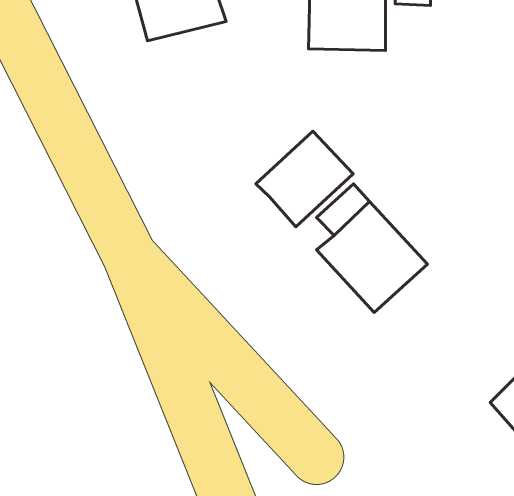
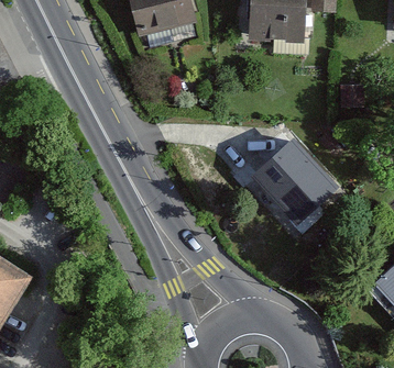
building: [256,131,353,227] -> none

